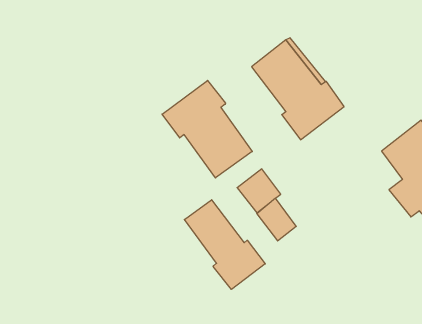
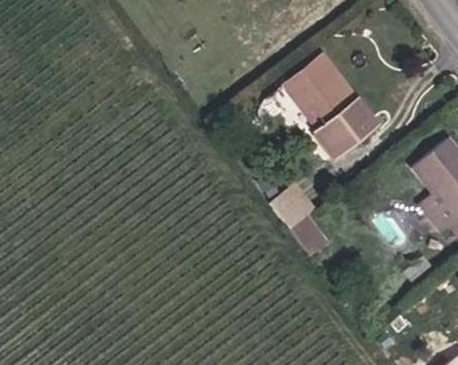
building: [162,80,252,178] -> none
building: [184,200,265,289] -> none

